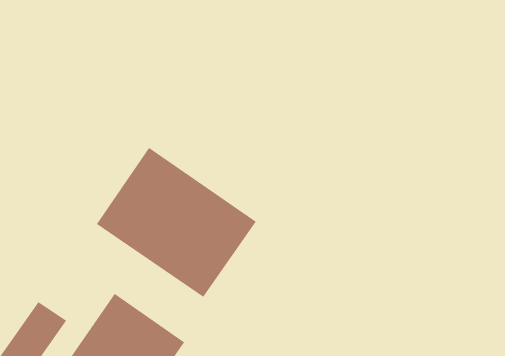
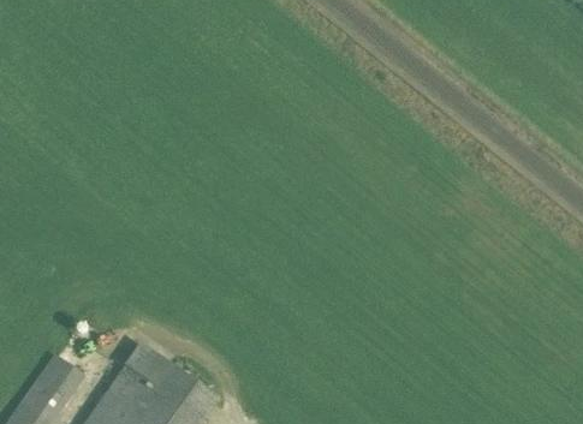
building: [96,147,257,298] -> none

